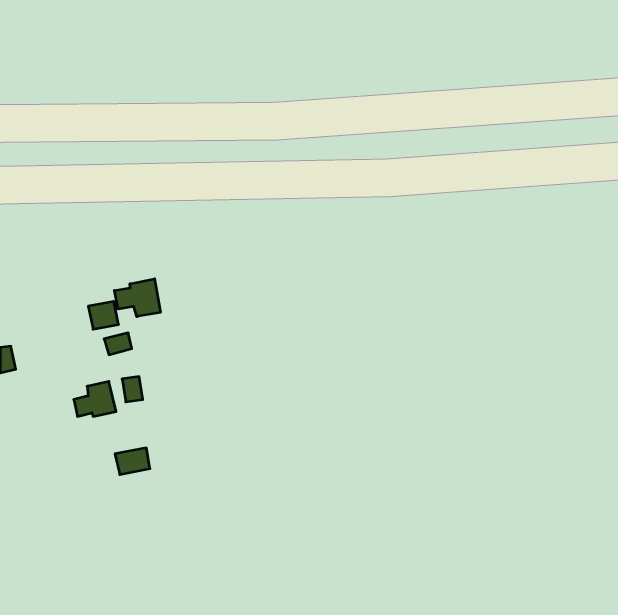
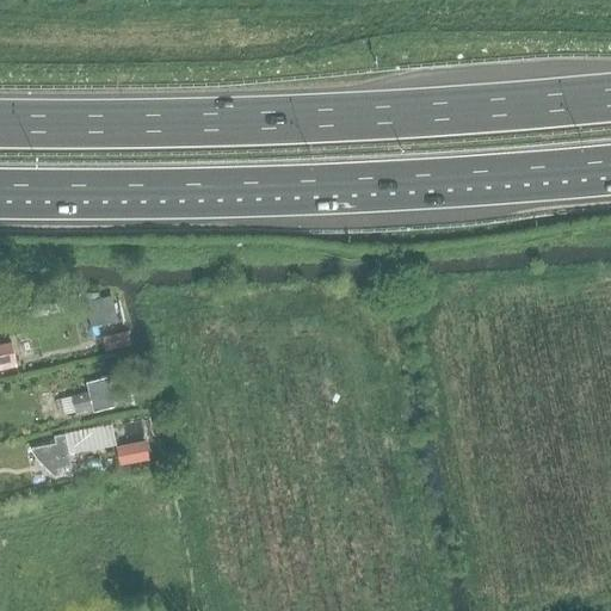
building: [114,279,160,317] -> none
building: none -> [30,431,74,479]

